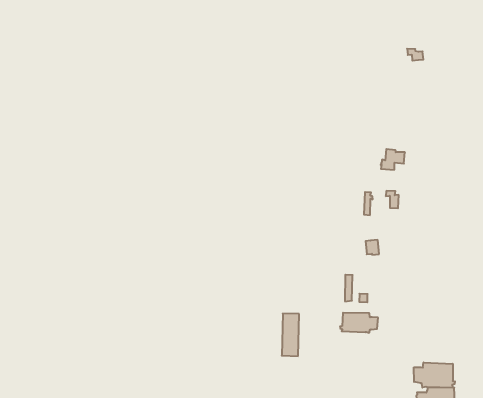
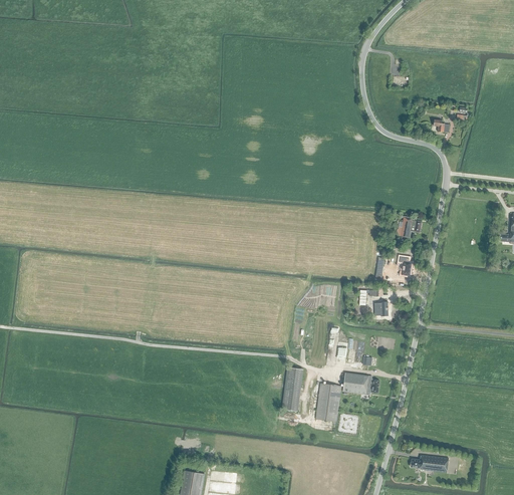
building: none -> [315,383,341,421]
building: [414,362,455,388] -> none

